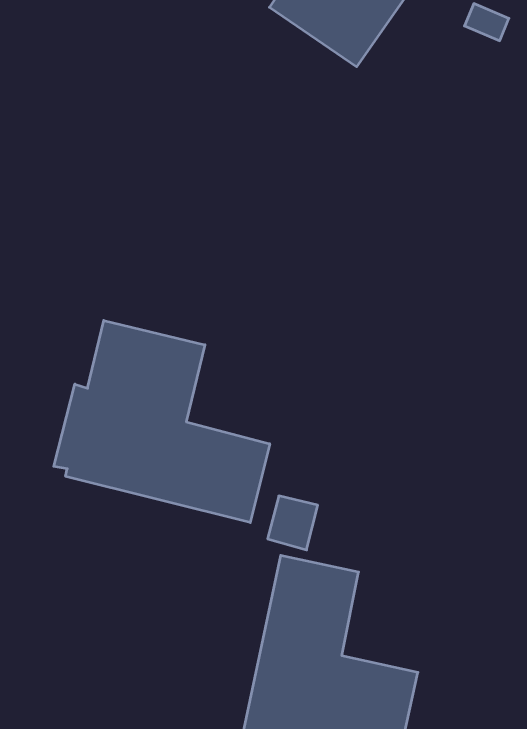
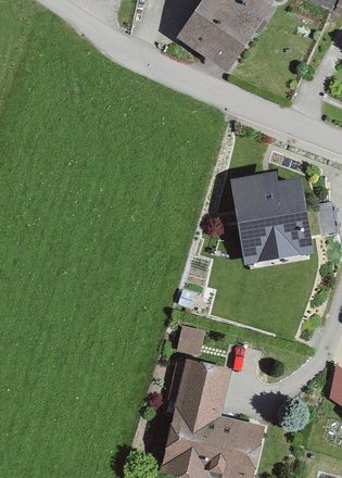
building: none -> [231,169,313,263]
building: [54,320,270,523] -> none

